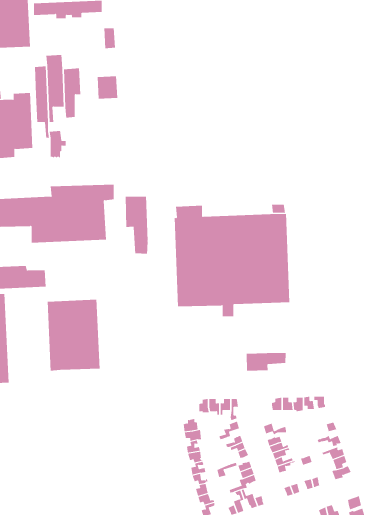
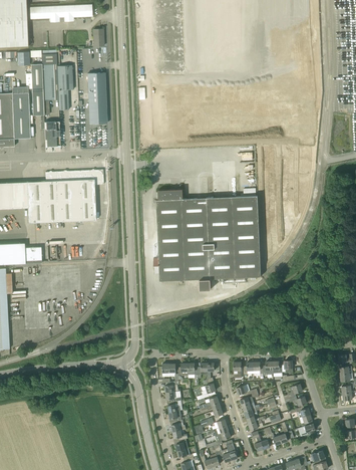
building: none -> [88,92,107,131]
building: [125,196,148,254] -> none
building: [47,299,100,372] -> none
building: [246,352,286,371] -> none

